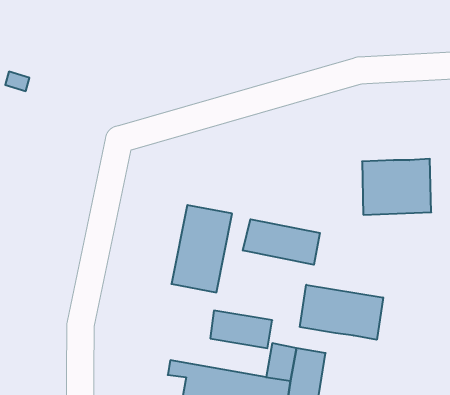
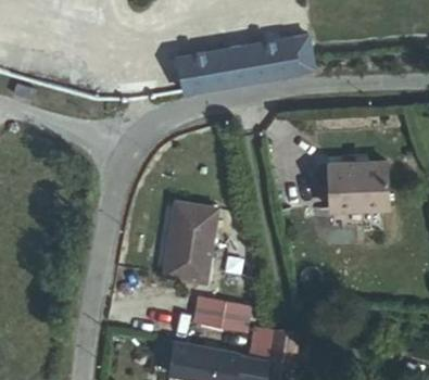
building: none -> [175,35,311,90]
building: [243,219,320,265] -> none
building: [300,285,383,340] -> none

